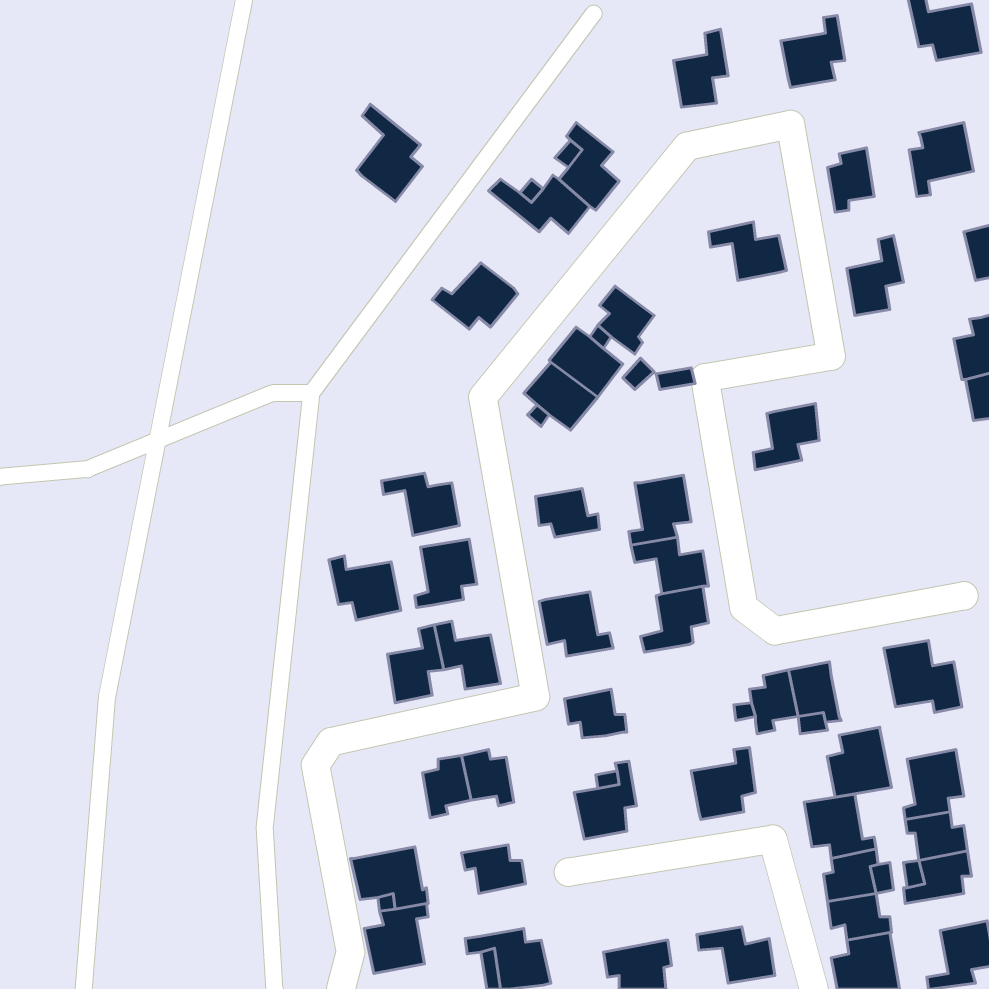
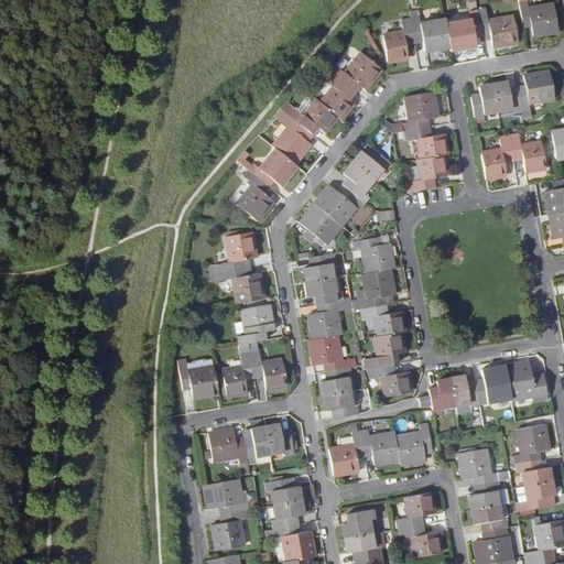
building: none -> [477,7,518,45]
building: none -> [411,15,449,51]
building: none -> [329,52,381,88]
building: [356,104,423,201] -> [272,108,310,163]
building: none -> [494,82,522,112]
building: none -> [391,90,437,133]
building: none -> [509,132,546,172]
building: none -> [351,147,392,178]
building: none -> [237,170,273,220]
building: [753,404,819,470] -> [409,154,446,192]
building: none -> [218,231,256,272]
building: none -> [354,237,393,273]
building: none -> [304,253,336,281]
building: none -> [307,300,344,339]
building: [329,556,401,620] -> [177,364,218,400]
building: none -> [368,365,412,397]
building: none -> [319,367,351,395]
building: [827,727,892,797] -> [474,366,510,405]
building: none -> [207,429,247,464]
building: none -> [359,430,399,464]
building: none -> [397,492,434,529]
building: none -> [272,500,304,530]
building: none -> [341,510,380,539]

